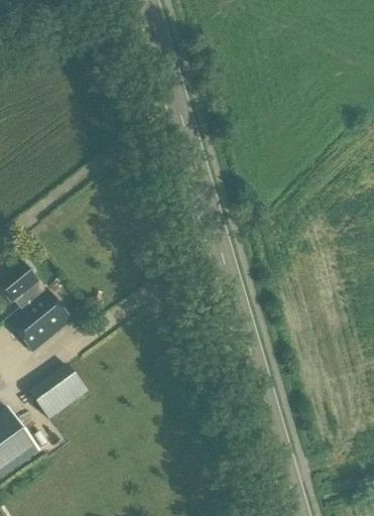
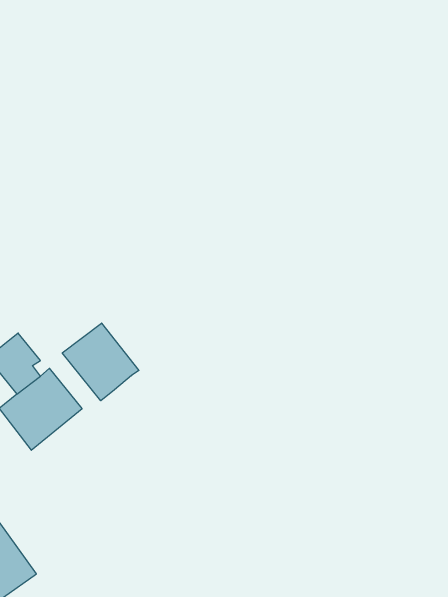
building: none -> [62,323,139,401]
building: [28,366,89,419] -> none

